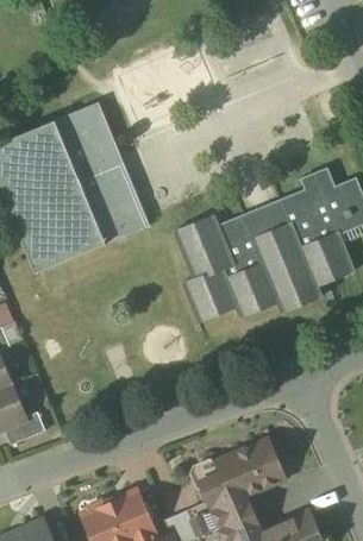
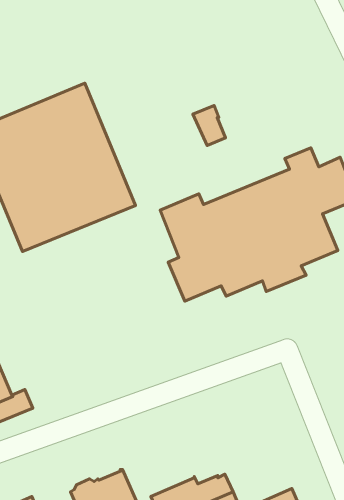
building: none -> [193,106,226,145]
building: [200,439,283,507] -> none

